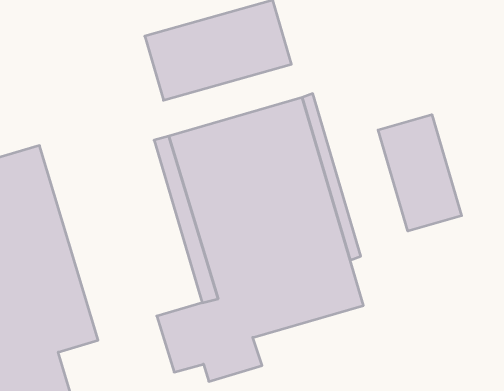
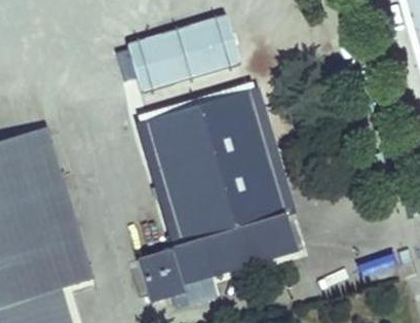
building: [378,115,462,231] -> none

